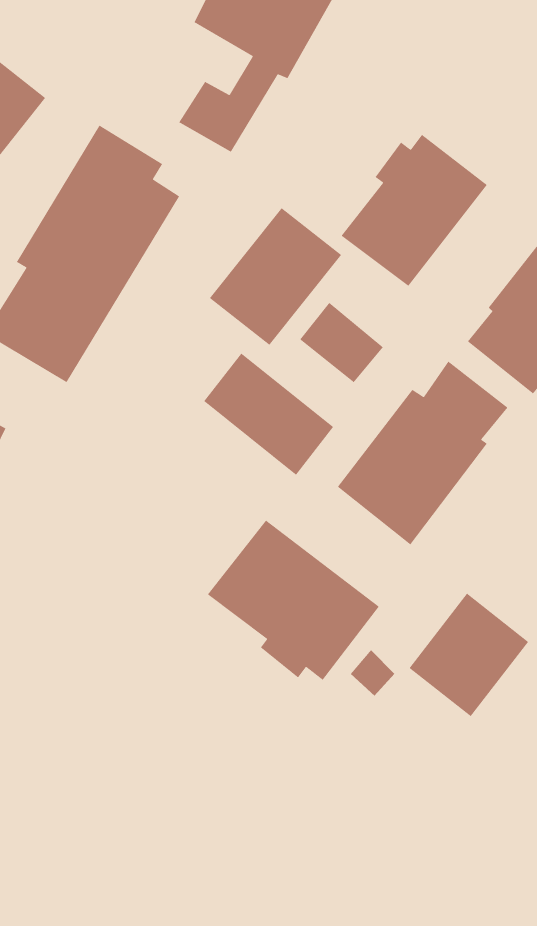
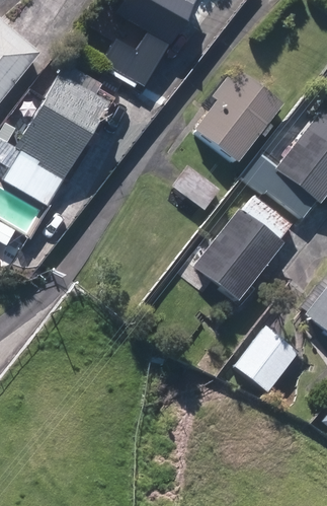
building: [209,207,342,346] -> none
building: [203,353,334,476] -> none
building: [207,520,380,681] -> none

